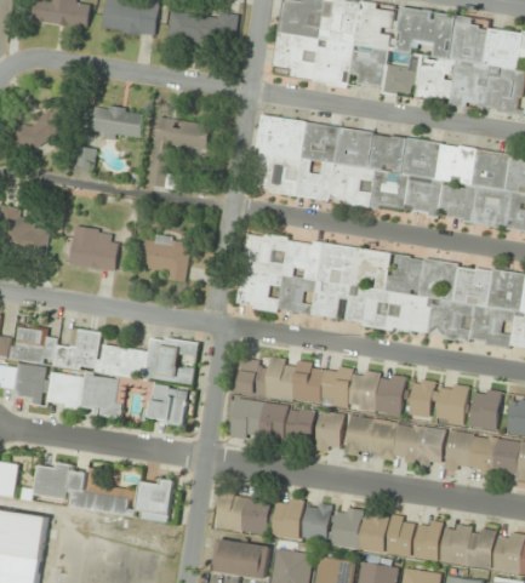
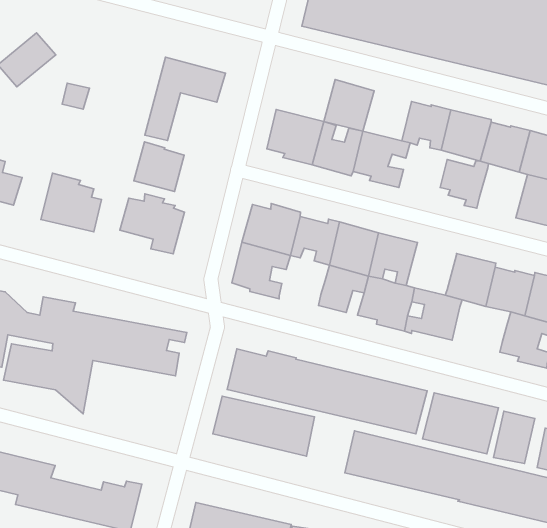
building: [92,103,144,141] -> none
building: [253,114,304,158] -> none
building: [332,127,371,167] -> none
building: [367,168,407,208] -> none
building: [436,183,475,223] -> none
building: none -> [134,142,184,192]
building: [382,253,422,293] -> none
building: [275,274,315,314] -> none
building: [426,298,473,342] -> none
building: [149,384,189,425] -> none
building: [315,411,346,452] -> none

